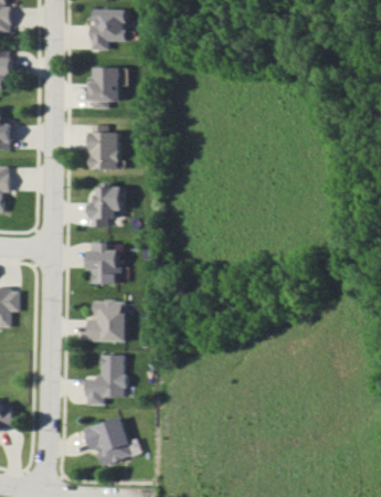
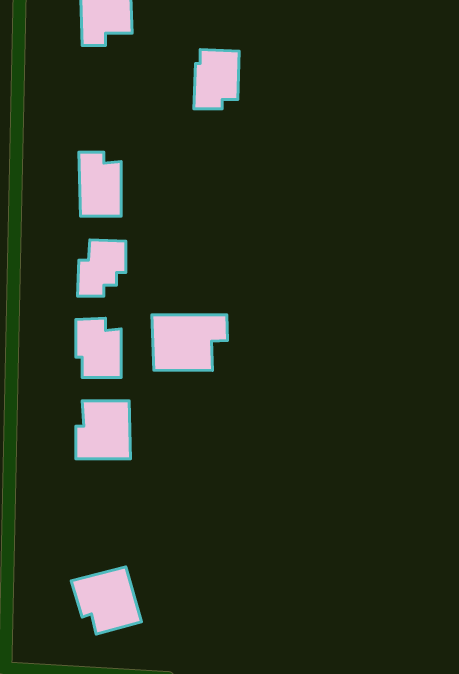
building: [88,66,120,108] -> [194,49,239,109]
building: none -> [152,315,228,370]
building: [85,355,126,404] -> none

